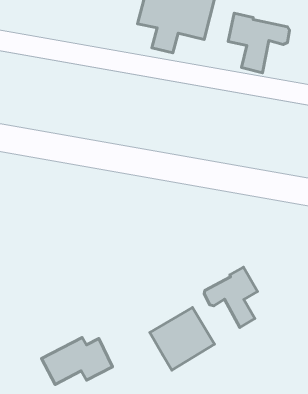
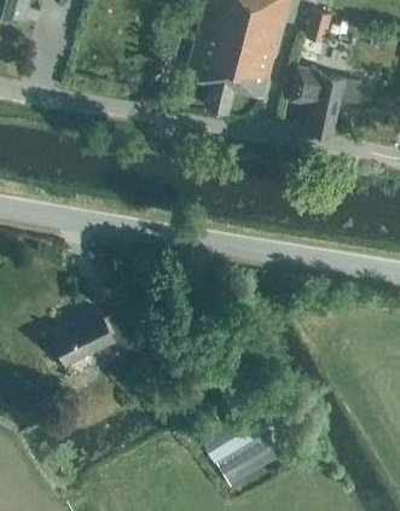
building: [204,267,257,327] -> none
building: [42,337,112,384] -> [52,309,134,364]

